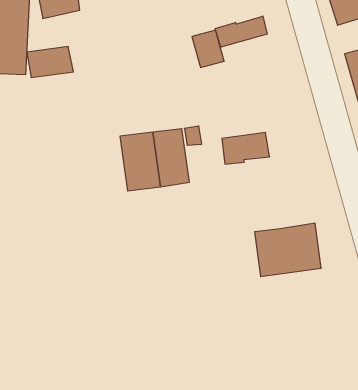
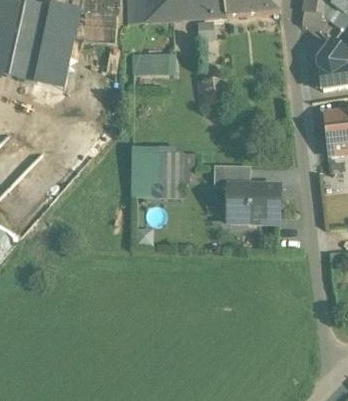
building: [215,16,267,47] -> none
building: [27,47,73,78] -> [134,52,169,74]
building: [255,223,321,277] -> [228,184,279,222]

